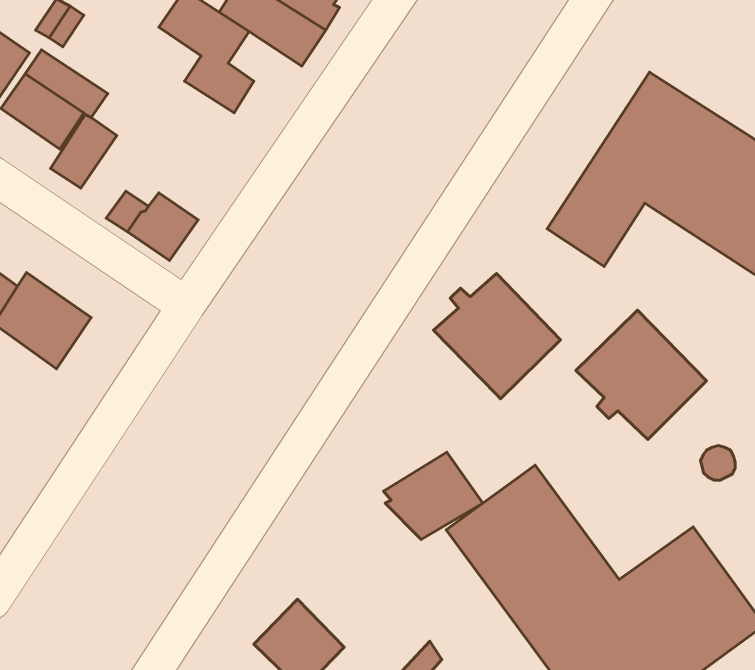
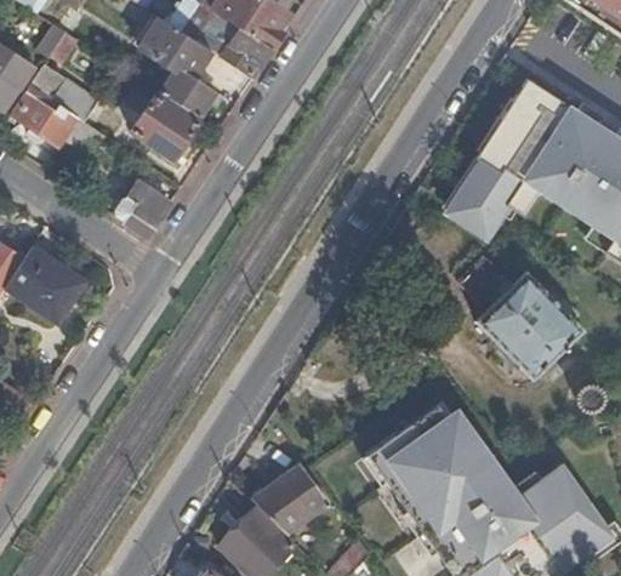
building: none -> [130,91,198,156]
building: [434,273,561,399] -> none
building: [384,452,483,539] -> [249,461,329,531]

